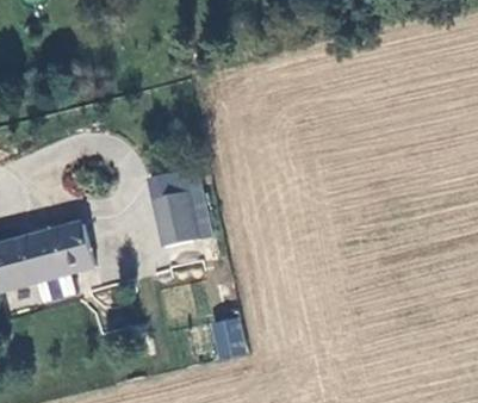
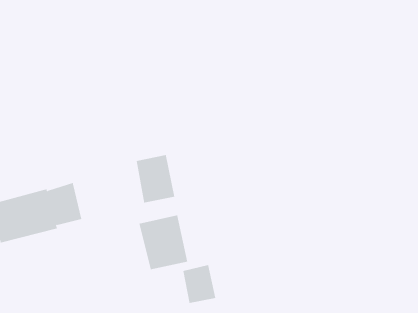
building: none -> [139,215,188,270]

